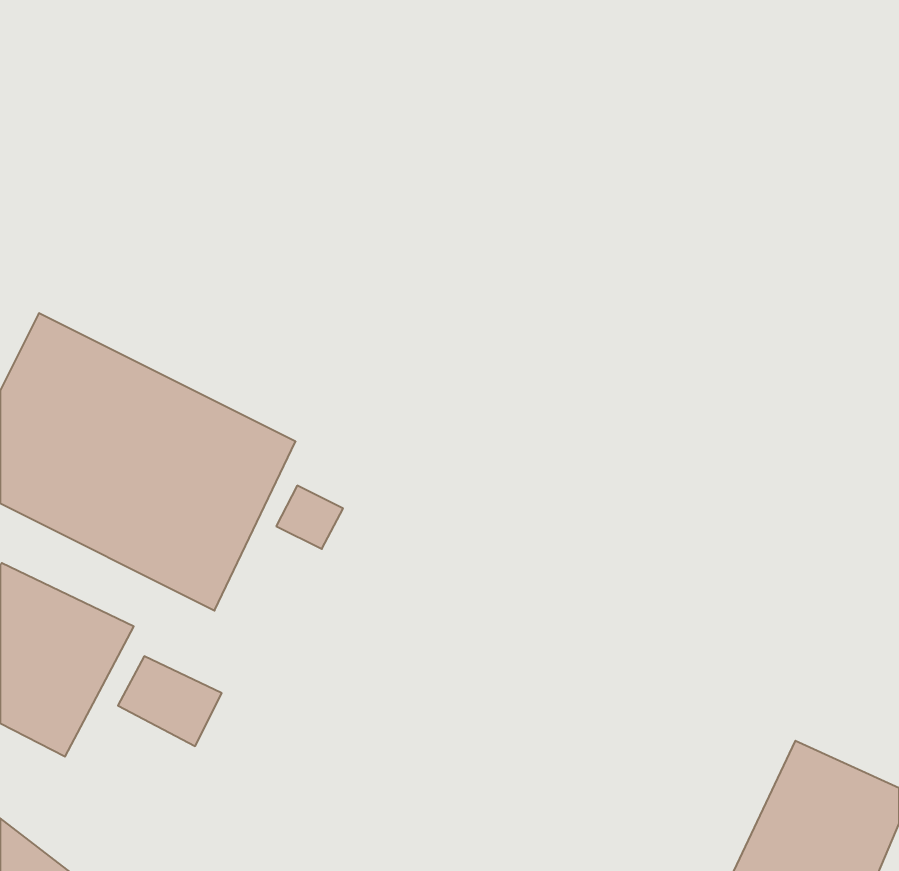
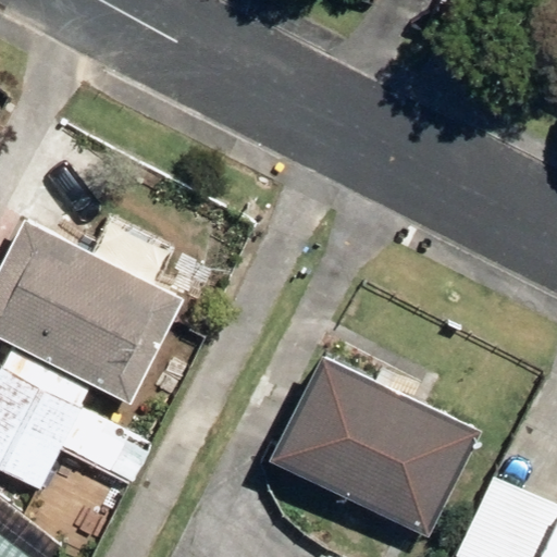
building: none -> [268,346,479,529]

